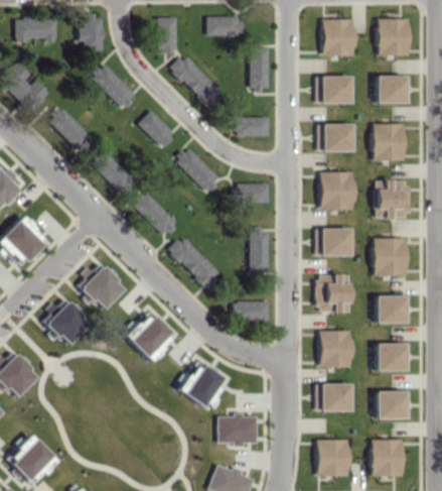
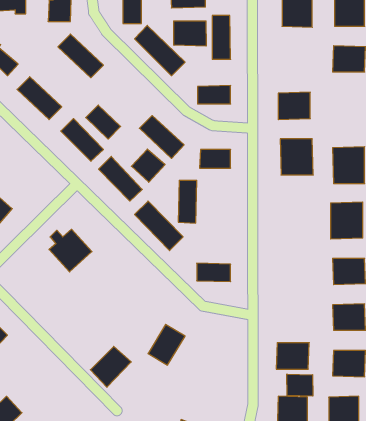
building: none -> [174,21,206,46]
building: [316,77,349,104] -> none
building: [138,111,174,146] -> [86,105,121,139]
building: [372,124,403,161] -> none
building: none -> [131,149,165,182]
building: [250,229,269,273] -> [178,180,197,223]
building: [316,229,350,256] -> none
building: [317,275,350,313] -> none
building: [45,299,90,345] -> none
building: [128,316,170,358] -> [90,346,131,387]
building: [319,331,351,368] -> none
building: [218,412,257,447] -> none
building: none -> [287,374,313,396]

